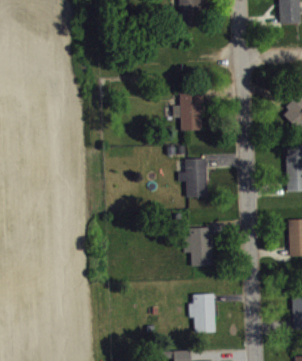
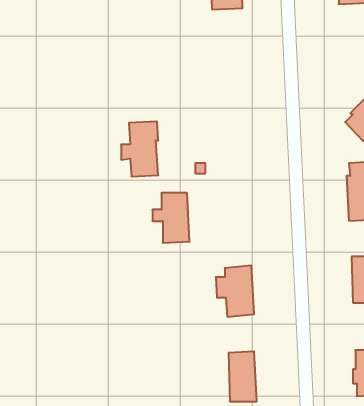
building: [173,87,202,130] -> [121,121,158,176]
building: [178,158,207,197] -> [152,193,190,243]

